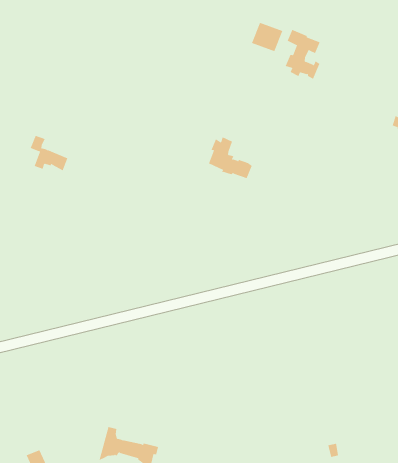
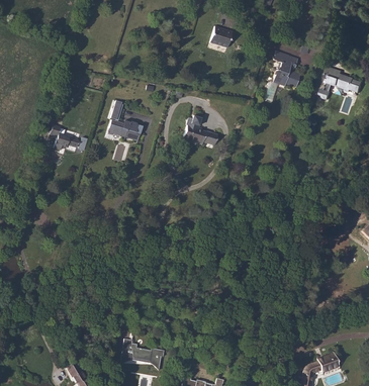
building: [285,29,321,79] -> [273,51,299,87]
building: none -> [109,99,143,139]

